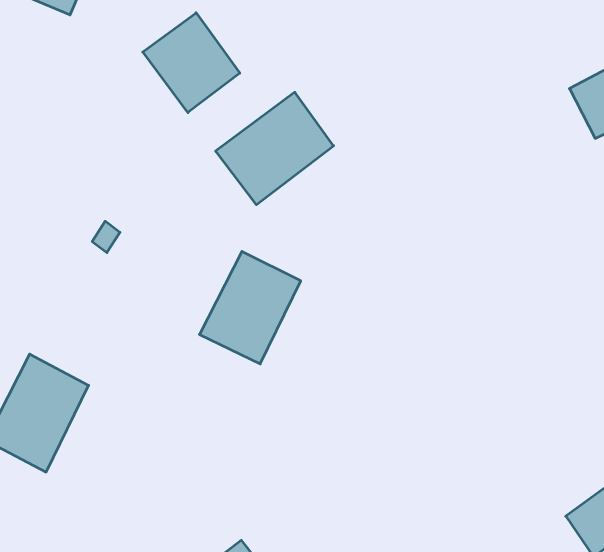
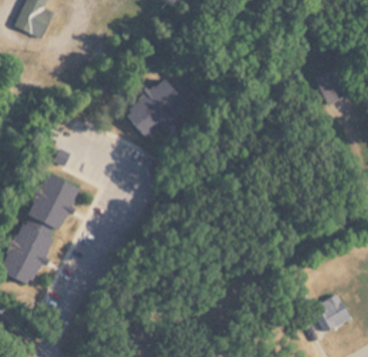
building: [143,13,240,113] -> none
building: [199,251,301,364] -> [24,173,79,235]

